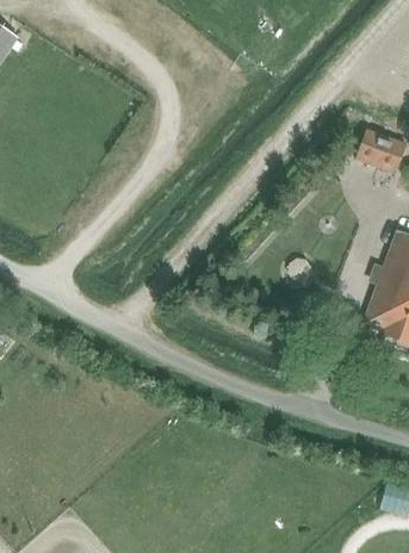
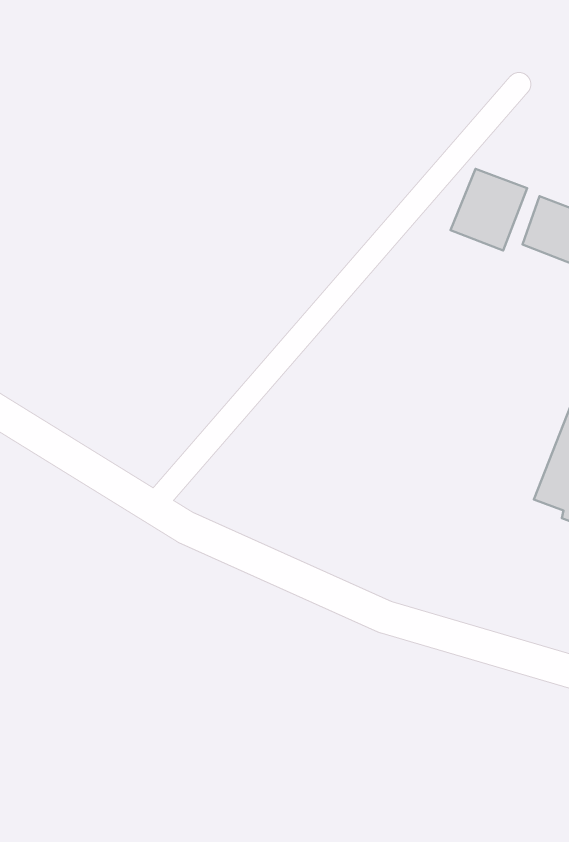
building: none -> [451,169,527,251]

